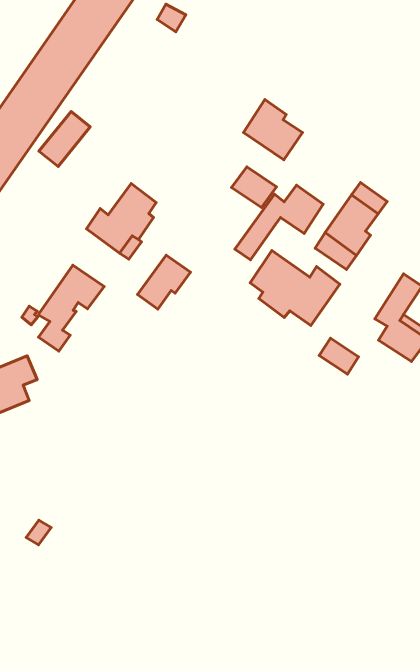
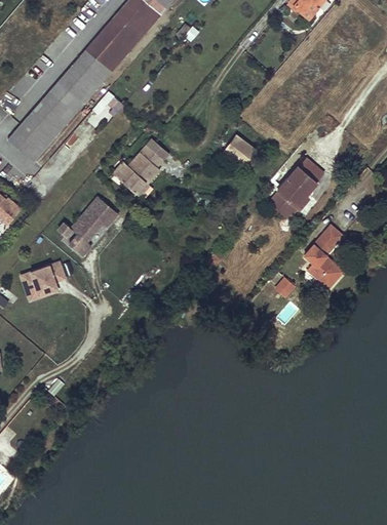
building: [243,100,302,160] -> none
building: [235,185,323,260] -> none
building: [250,251,340,325] -> none
building: [138,255,191,309] -> none

